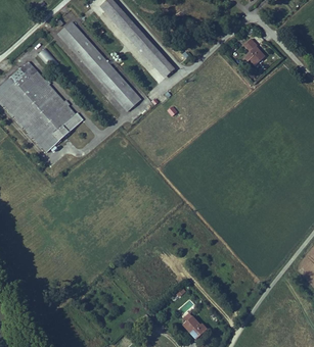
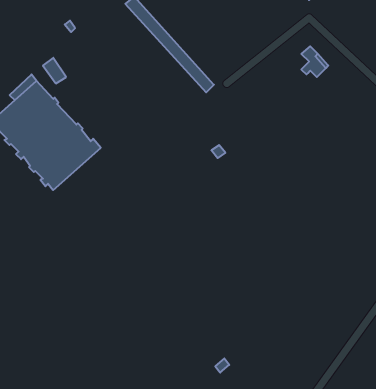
building: [58,22,140,111] -> none

